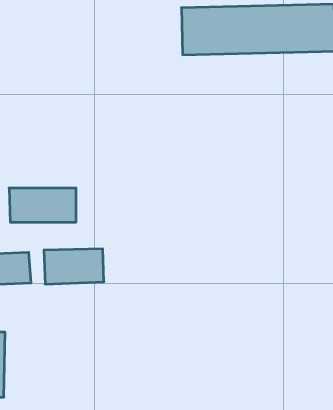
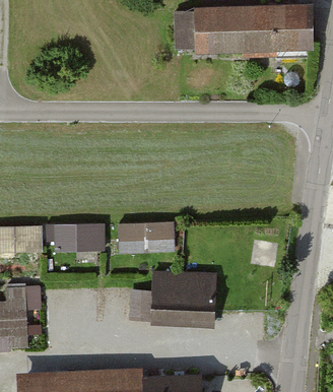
building: [9,188,76,222] -> [121,221,179,251]
building: none -> [149,277,213,328]

